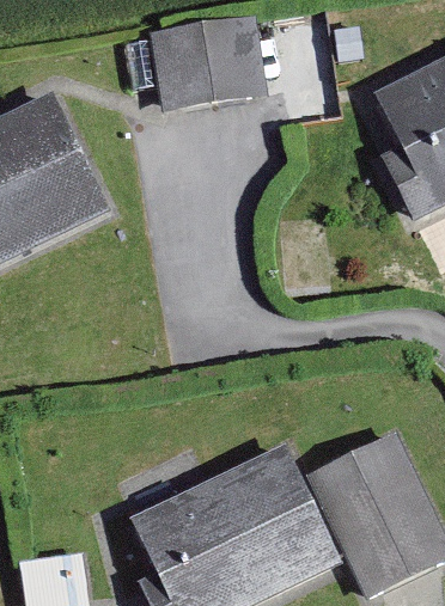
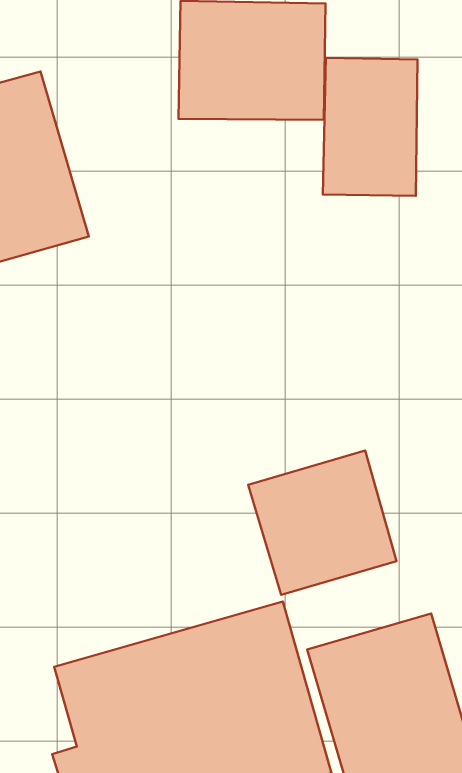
building: none -> [323,58,418,196]
building: none -> [248,450,396,595]

